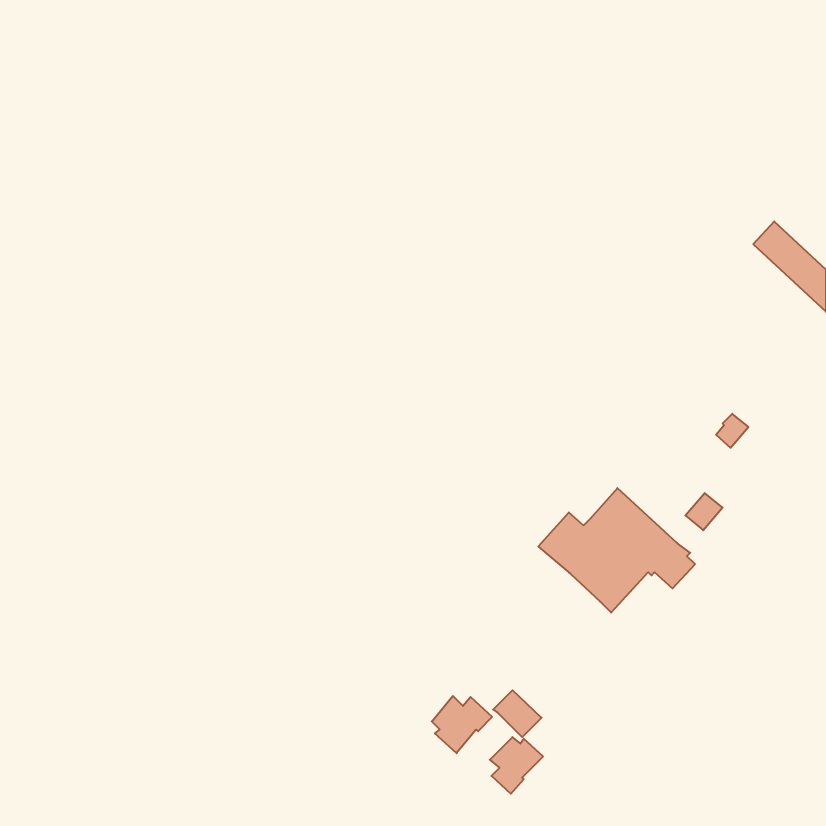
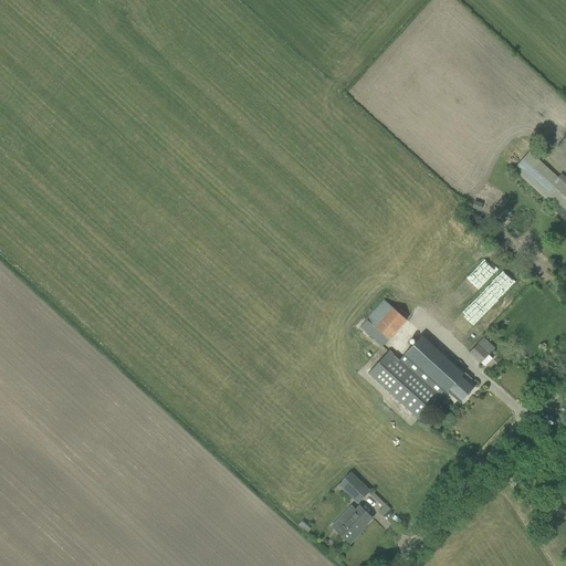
building: none -> [359,298,407,347]
building: [432,696,492,753] -> none

